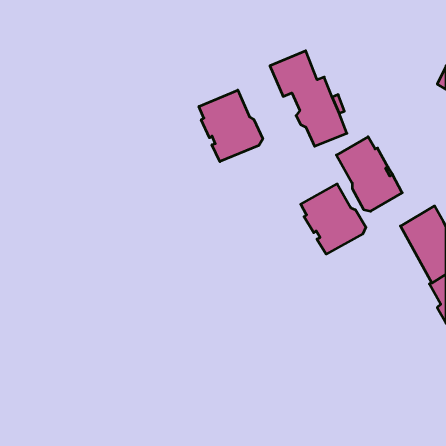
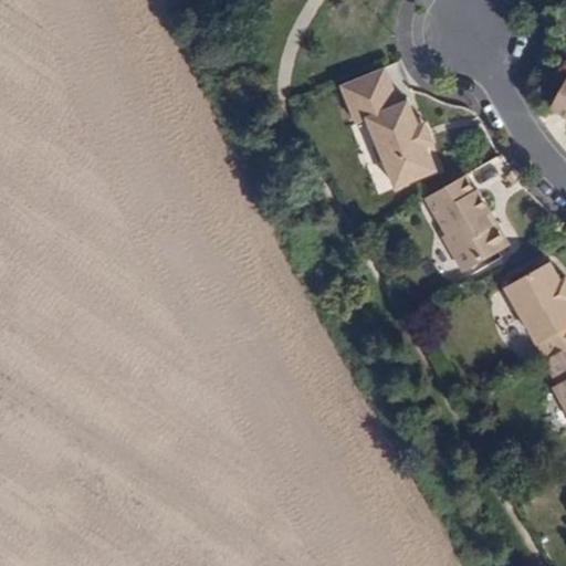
building: [199,90,263,162] -> none
building: [301,184,366,254] -> none

